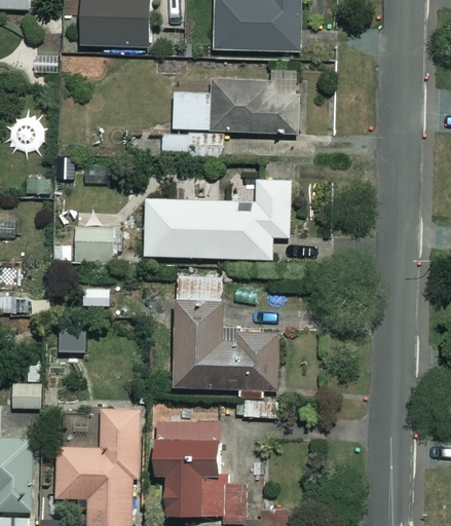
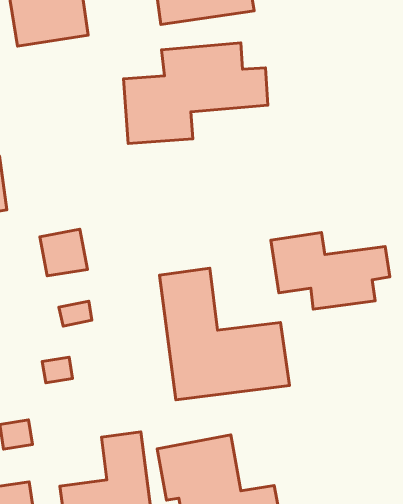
building: [144,180,292,259] -> none
building: none -> [271,232,390,309]

